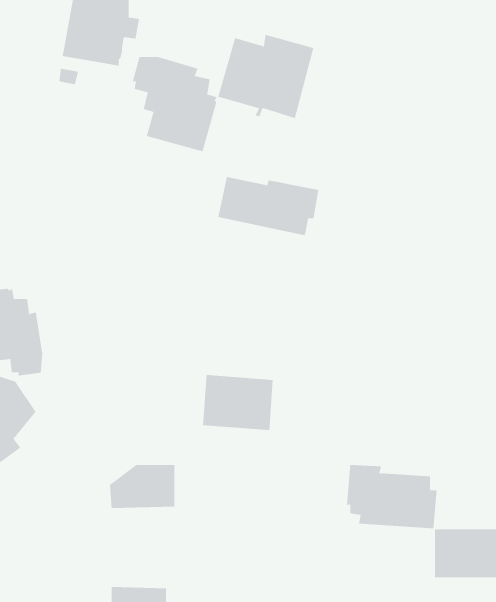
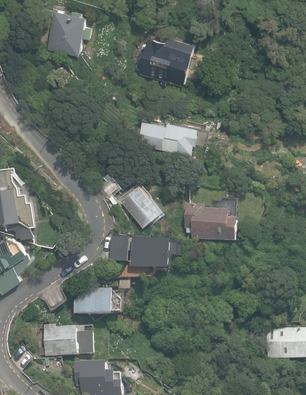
building: [132,56,218,152] -> none
building: none -> [120,183,163,227]
building: none -> [109,236,130,263]
building: [346,464,438,529] -> [183,203,237,241]
building: none -> [43,325,94,356]

